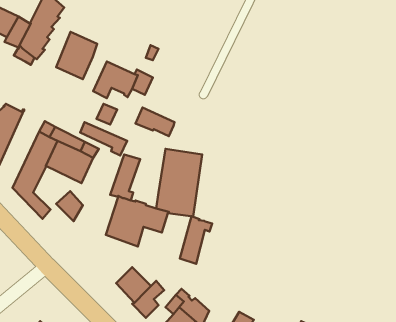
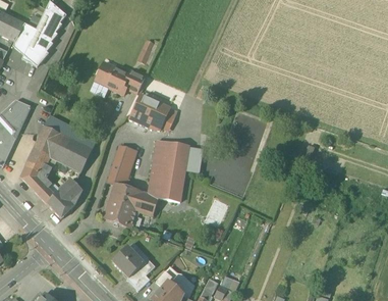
building: [56,32,97,79] -> none
building: [80,122,127,156] -> [135,95,177,124]
building: none -> [47,190,74,218]
building: [180,216,212,264] -> none

